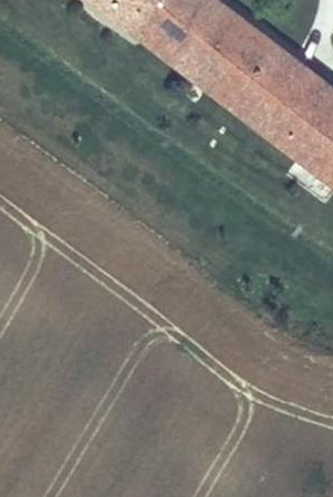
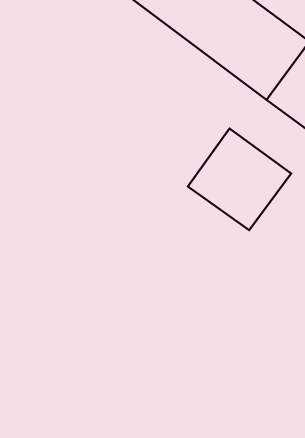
building: none -> [188,129,291,230]

